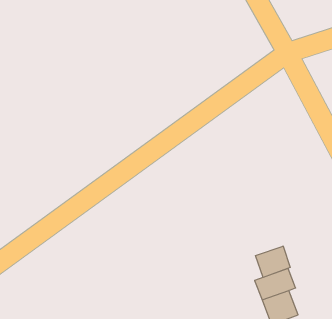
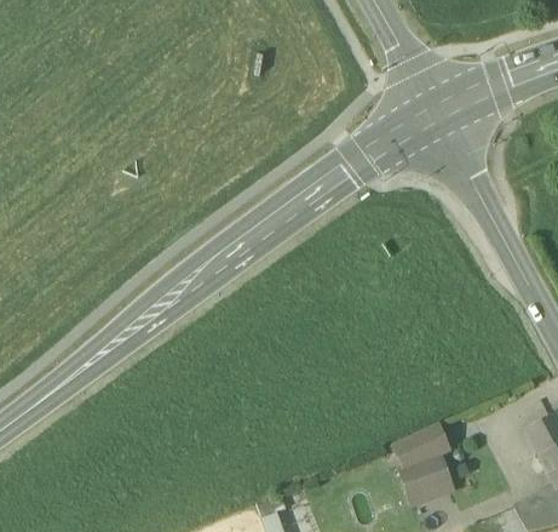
building: [256,246,290,277] -> none

